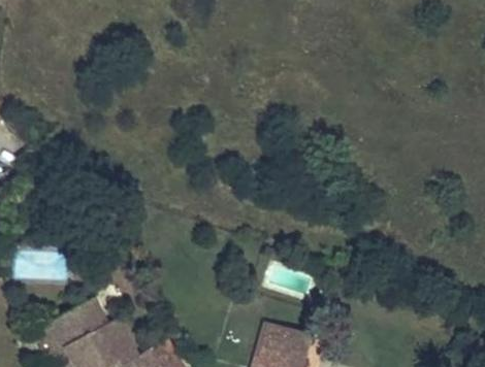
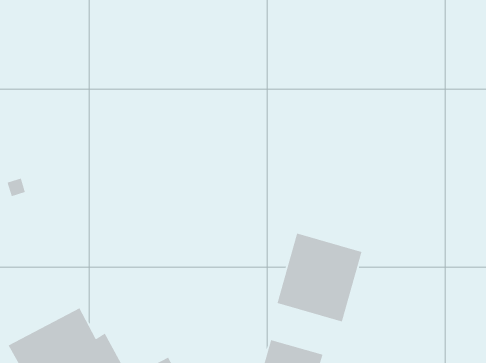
building: none -> [276,232,363,322]

